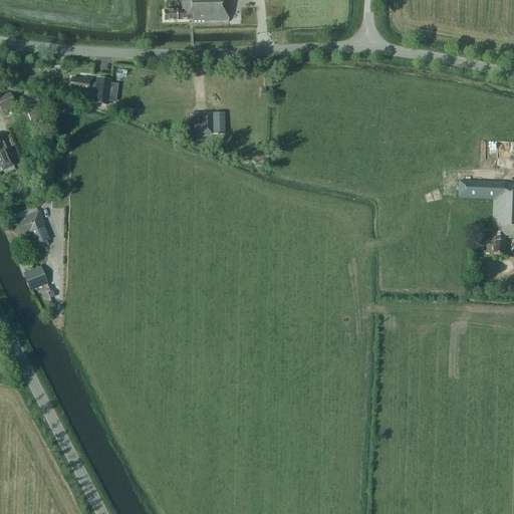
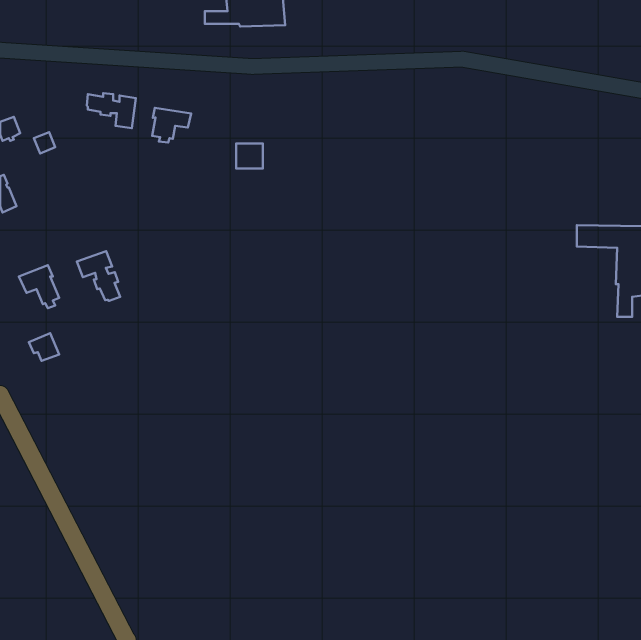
building: none -> [152,108,191,143]
building: none -> [77,251,120,301]

